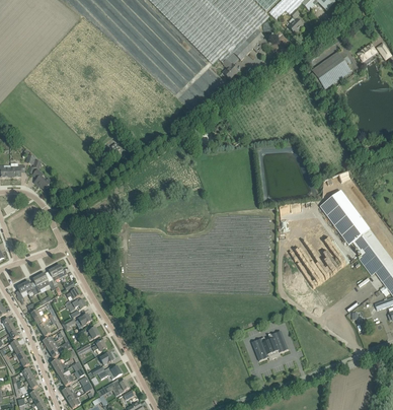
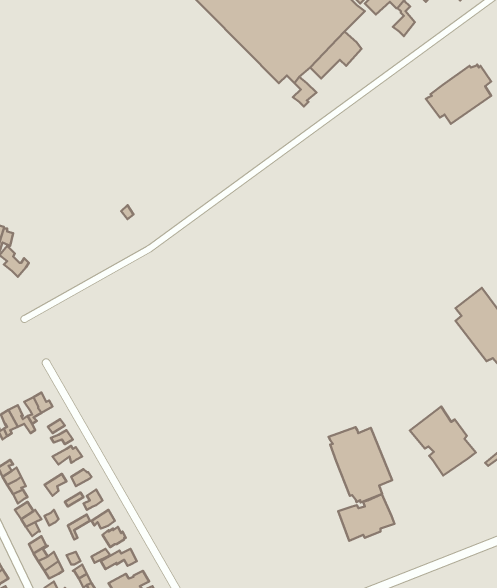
building: none -> [410,407,476,476]
building: none -> [329,427,392,503]

